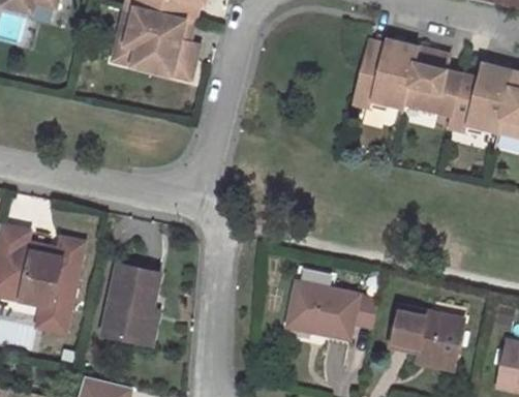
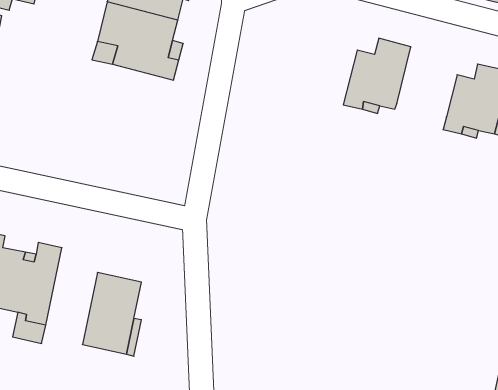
building: [405,48,463,115] -> none
building: [288,270,378,339] -> none
building: [390,306,465,362] -> none

